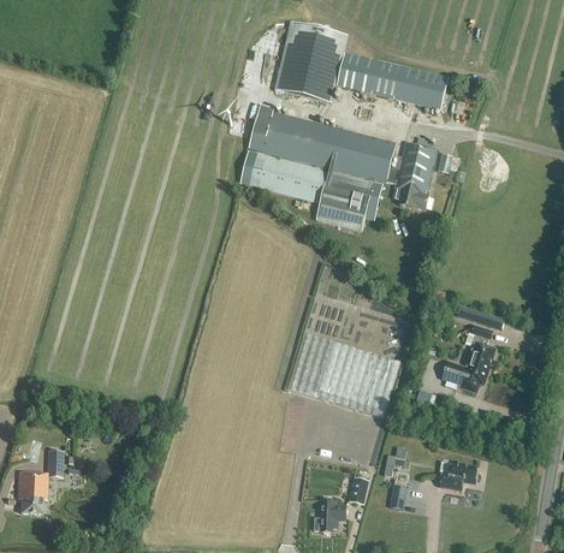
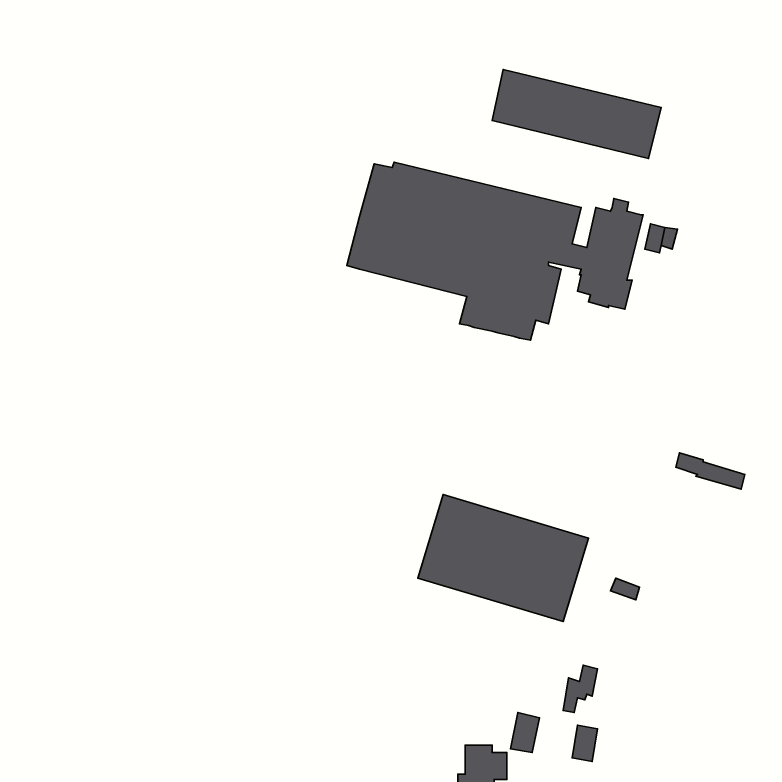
building: [274,22,348,102] -> none
building: [443,326,495,392] -> none
building: [18,450,64,513] -> none
building: [440,463,477,490] -> none

